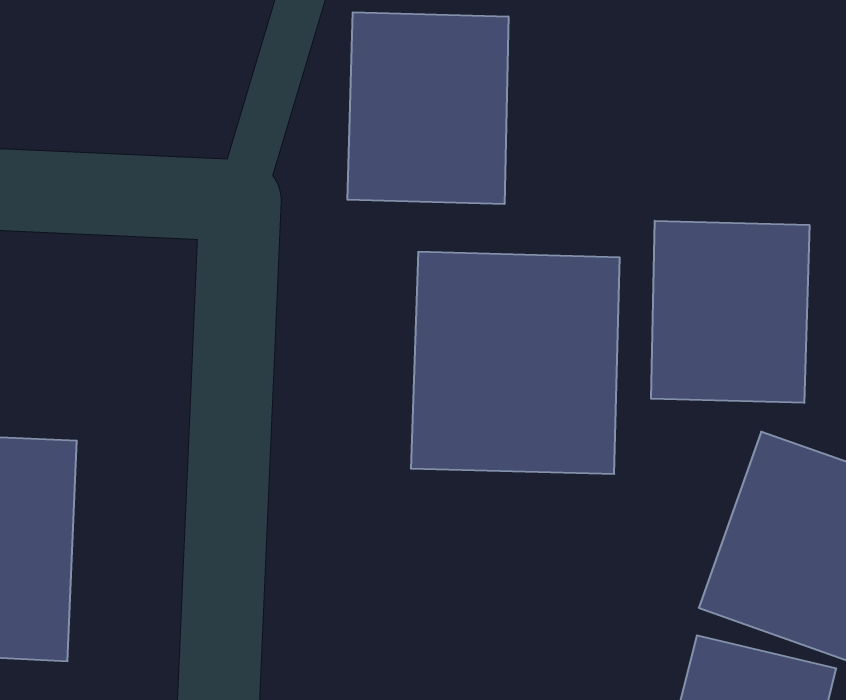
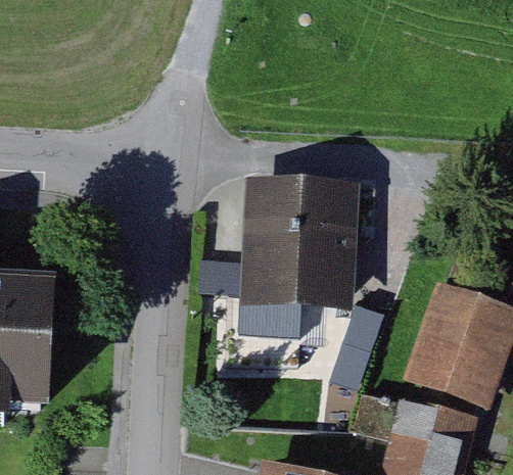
building: [347,12,508,204] -> none
building: [651,221,809,403] -> none

